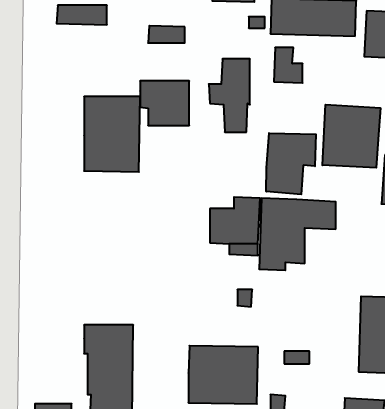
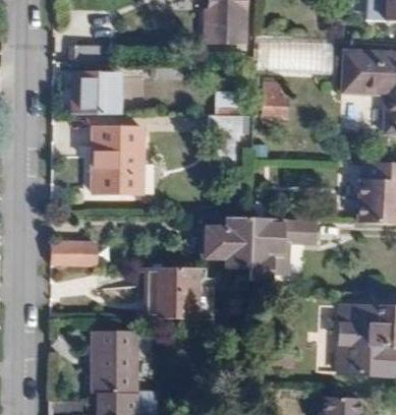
building: [140,81,189,125] -> [73,74,117,114]
building: [322,105,380,168] -> none
building: [266,133,316,194] -> none
building: none -> [51,240,97,265]
building: [188,346,258,404] -> [135,268,197,319]

